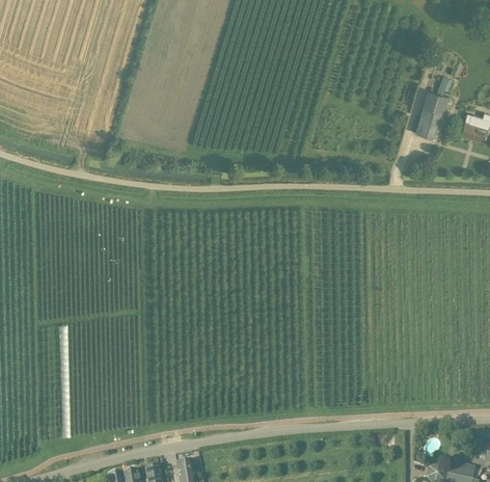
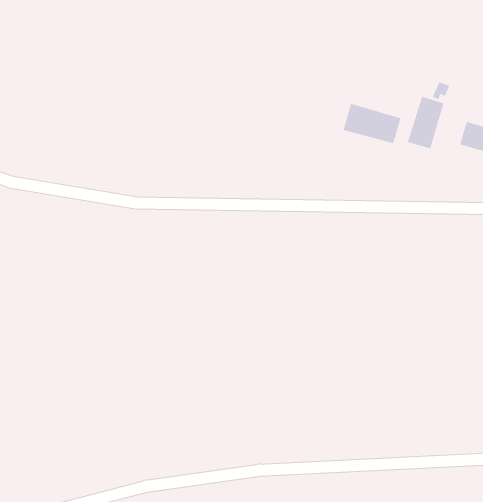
building: none -> [342,103,401,144]

